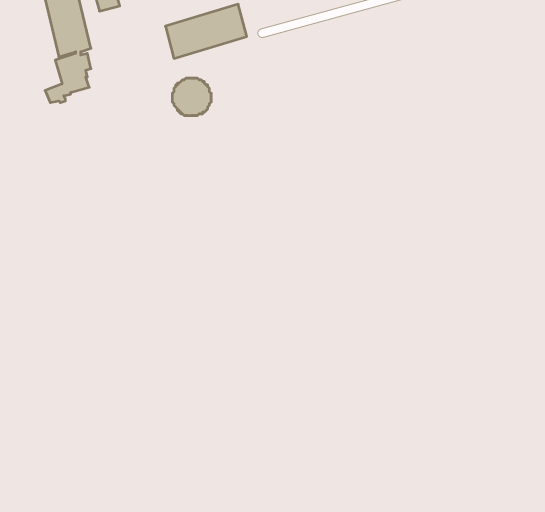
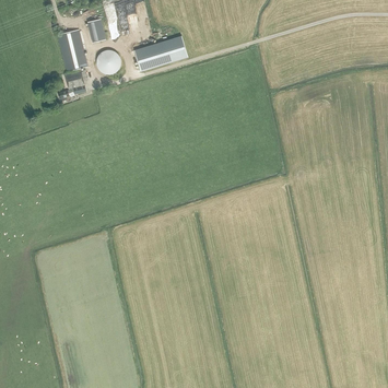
building: [172,78,211,115] -> [95,48,120,72]

